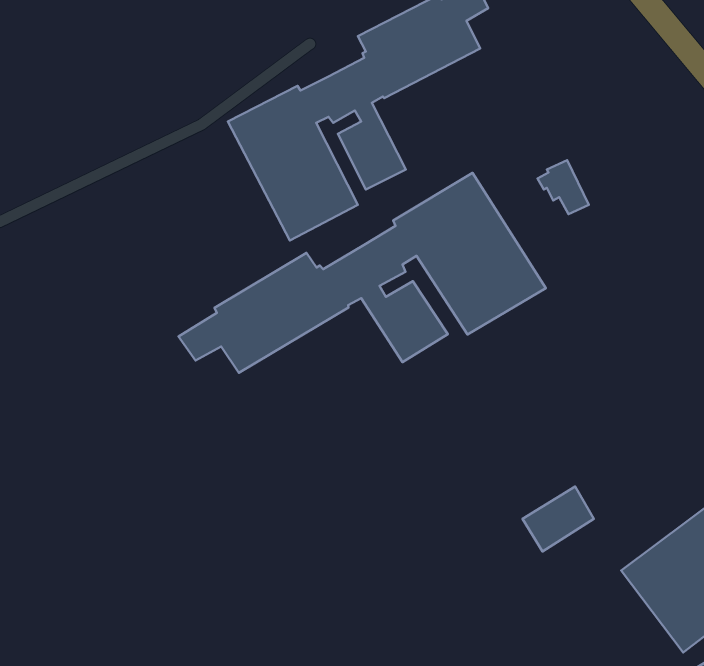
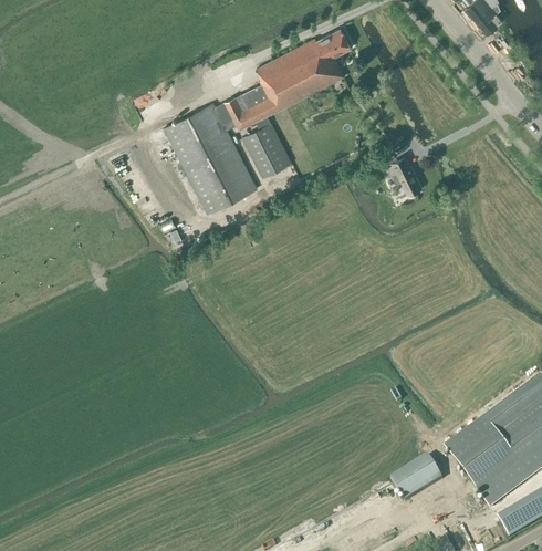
building: [178,173,546,373] -> none
building: [522,486,594,551] -> [390,455,441,501]

